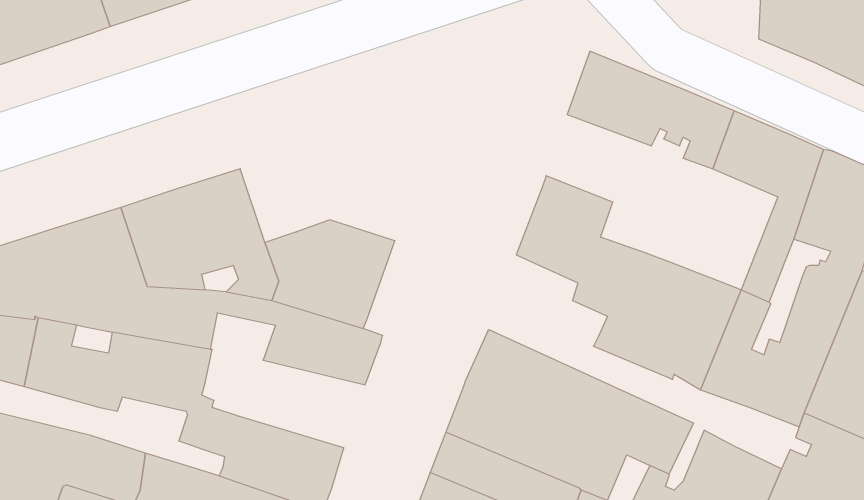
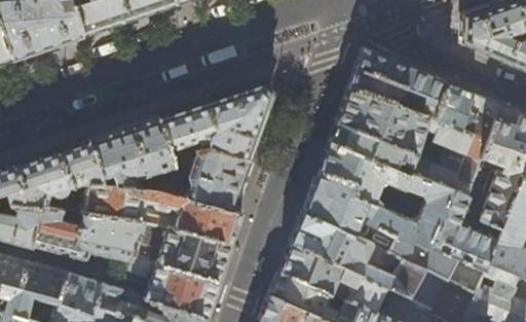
building: none -> [159,85,272,163]
building: none -> [338,87,474,190]
building: none -> [305,170,457,282]
building: none -> [139,225,232,283]

